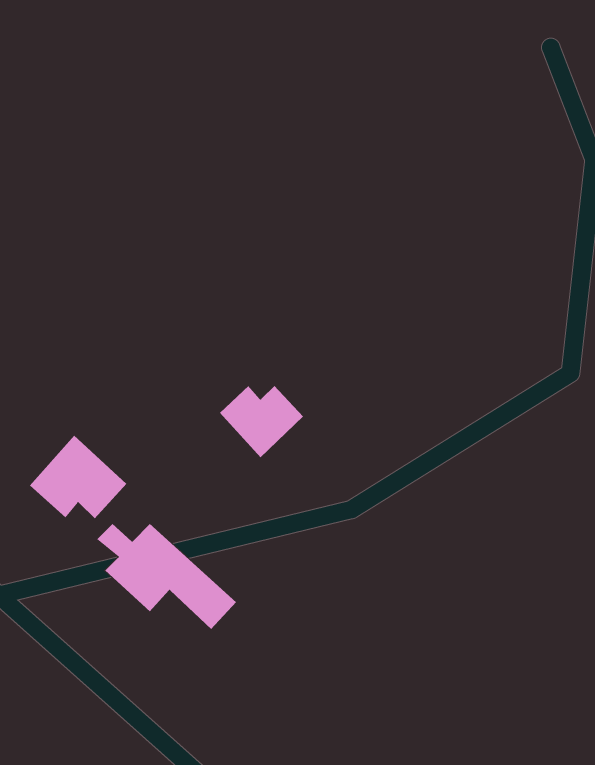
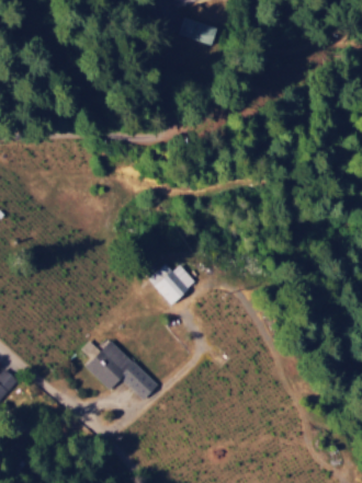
building: [29,435,127,519] -> none

